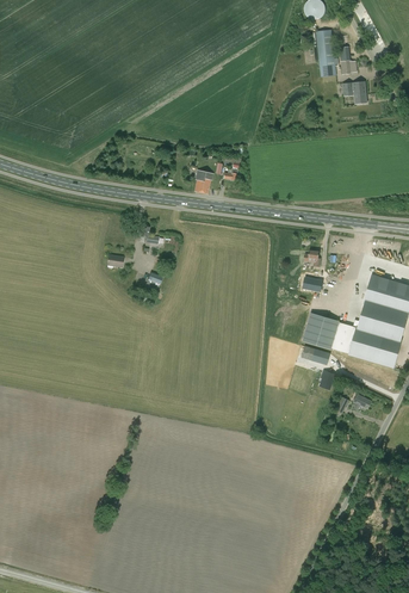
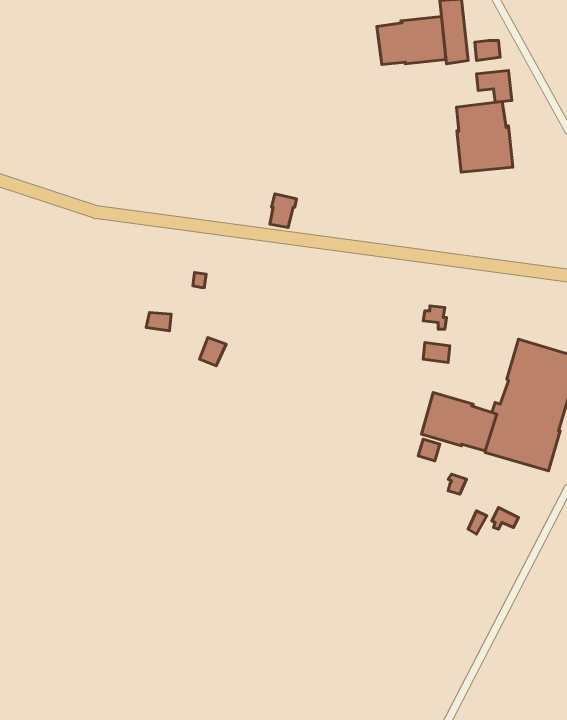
building: none -> [377,16,446,64]
building: none -> [457,101,513,172]

